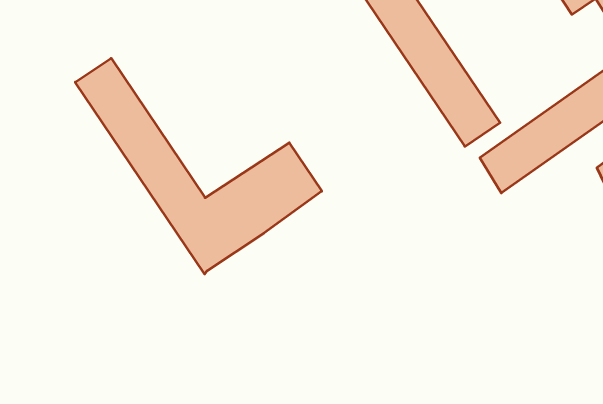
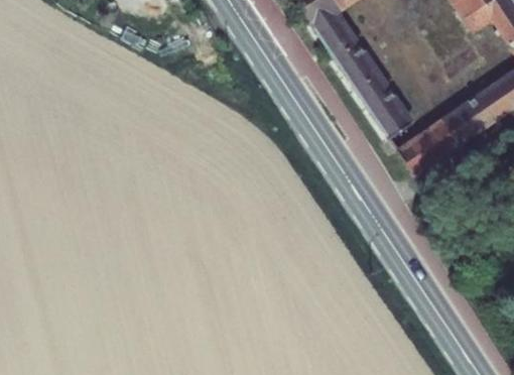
building: [75,58,322,274] -> none

